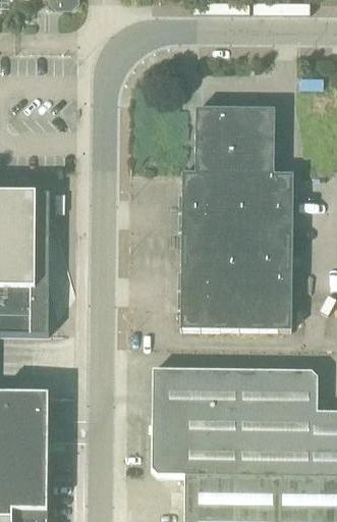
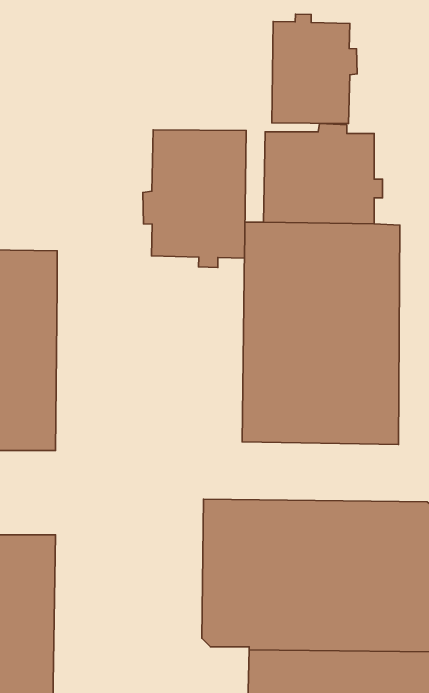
building: none -> [272,14,357,124]
building: none -> [143,130,246,267]

